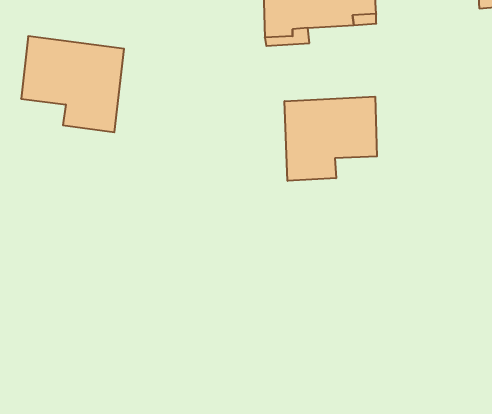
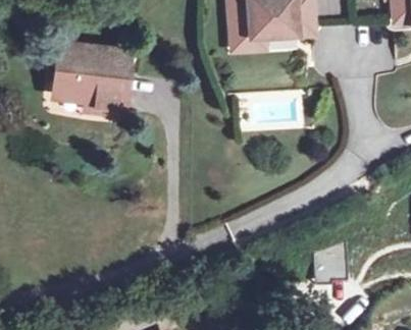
building: [285,97,377,181] -> none

